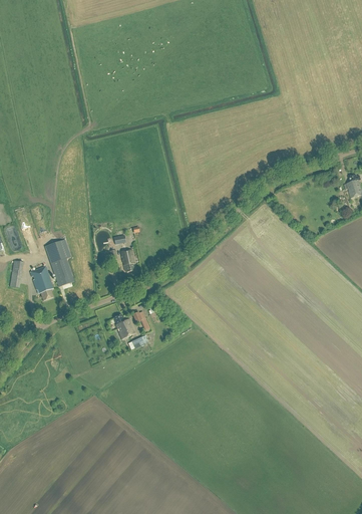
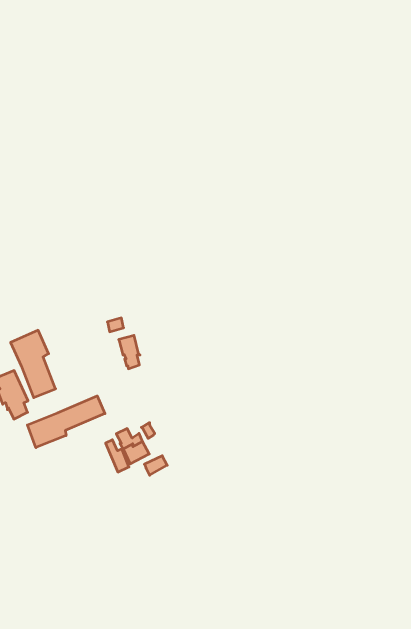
building: none -> [27,396,105,448]

